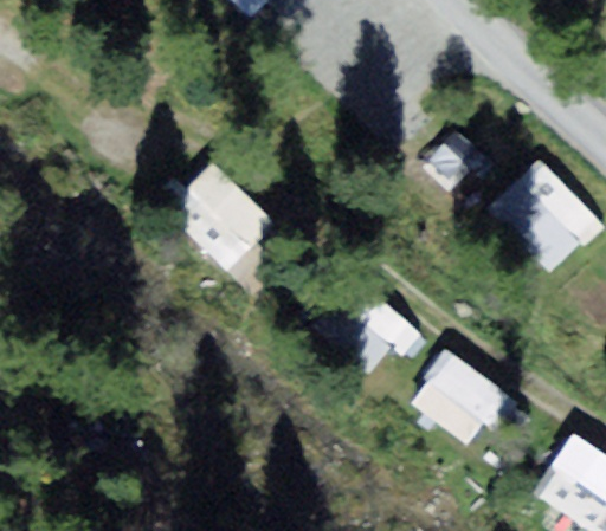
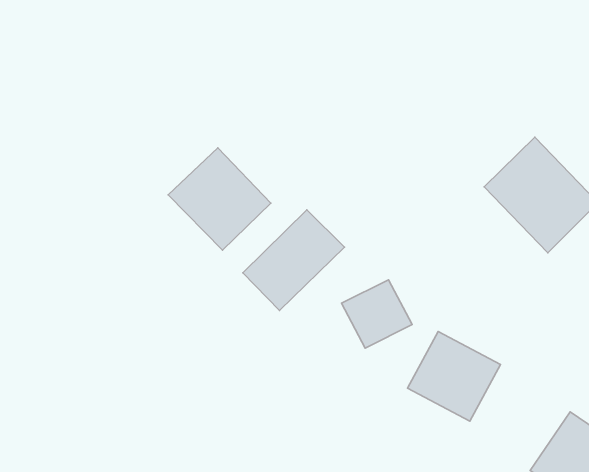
building: none -> [243,210,345,310]

